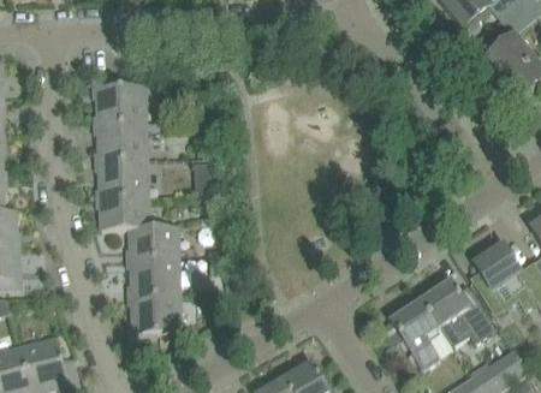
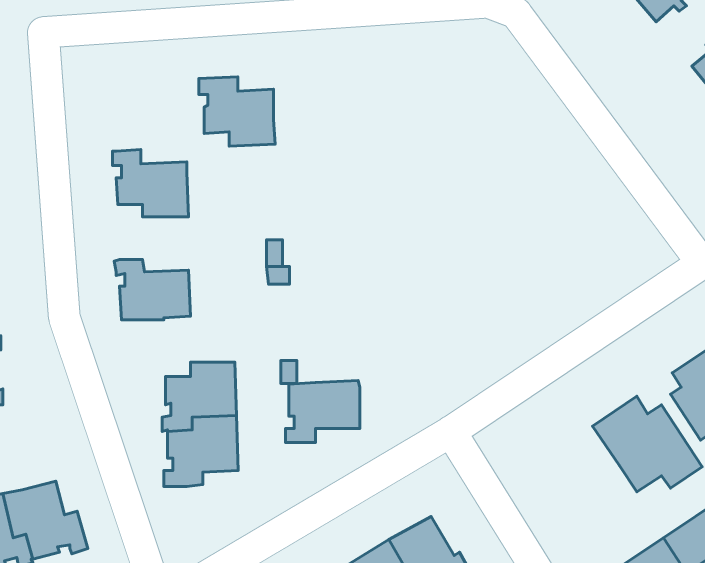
building: [93,75,144,121] -> [199,77,275,146]
building: [94,149,145,195] -> none
building: [126,224,177,266] -> [285,381,360,443]
building: [390,299,438,367] -> none

